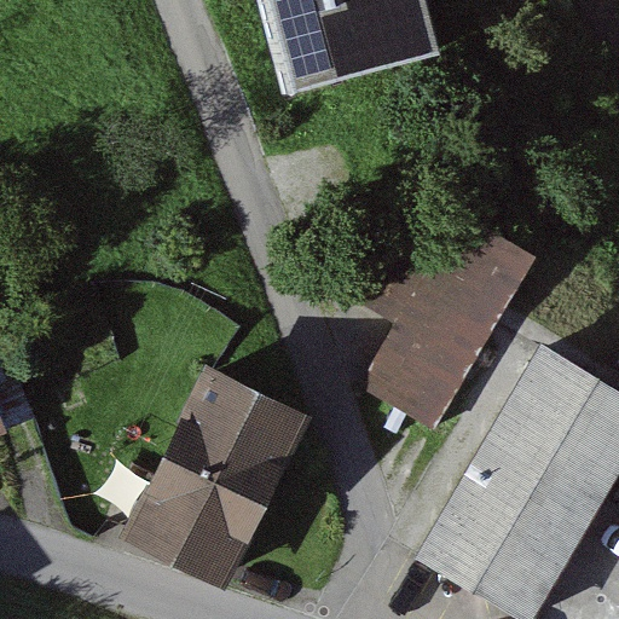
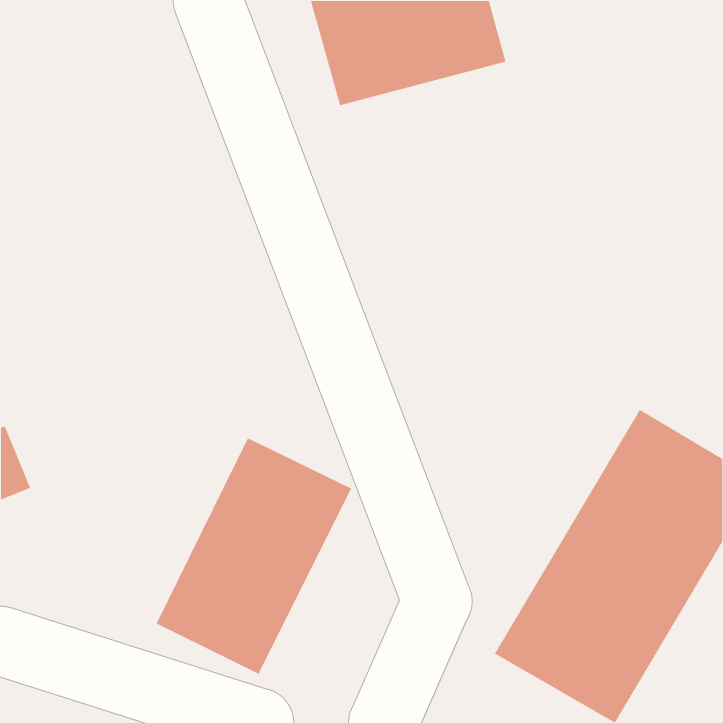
building: [336,219,527,428] -> none

